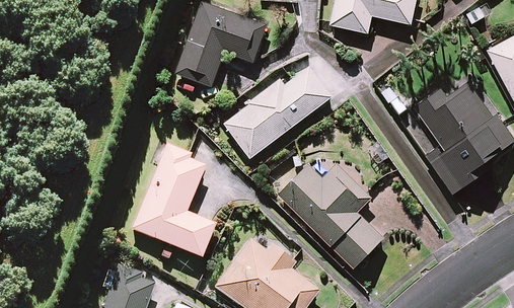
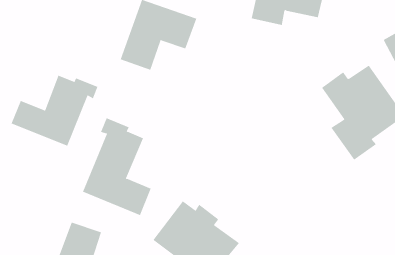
building: [223,65,333,158] -> none
building: none -> [11,75,98,147]
building: [279,161,382,267] -> none

